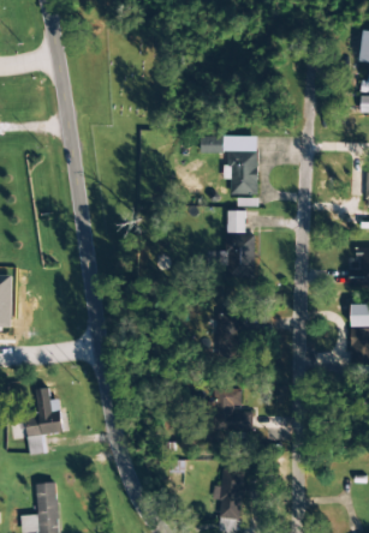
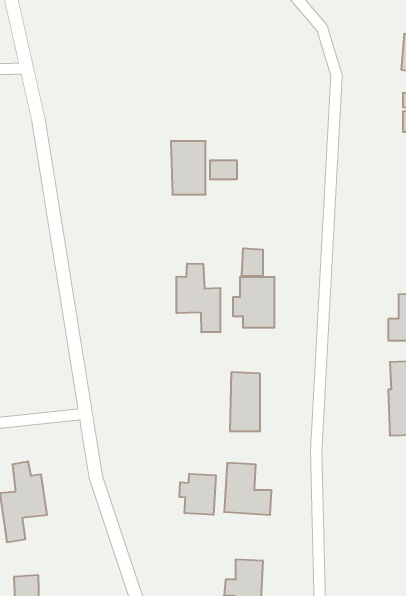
building: [230,149,258,193] -> [171,141,206,194]
building: none -> [176,263,220,332]
building: none -> [179,474,216,515]

